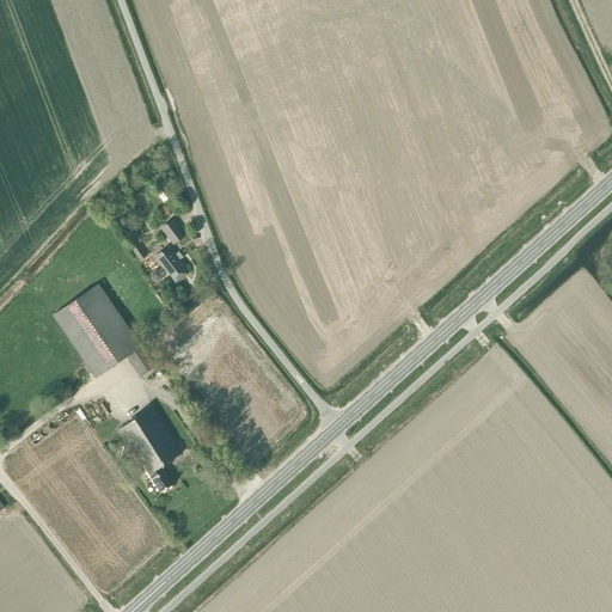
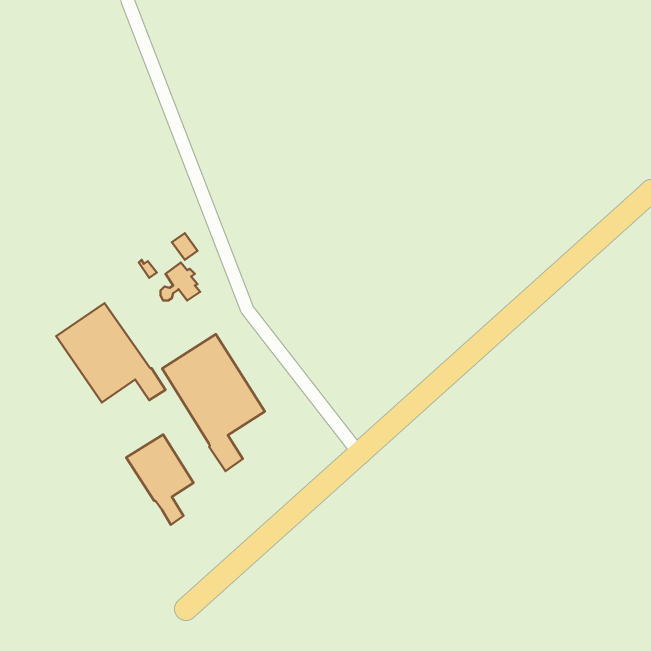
building: none -> [162,334,265,471]

